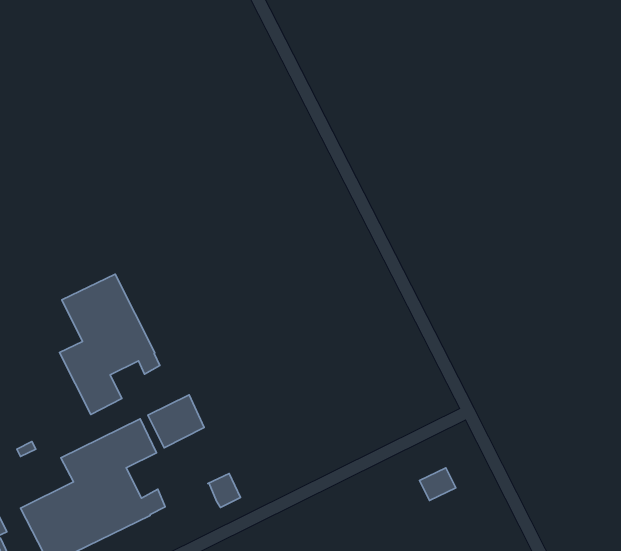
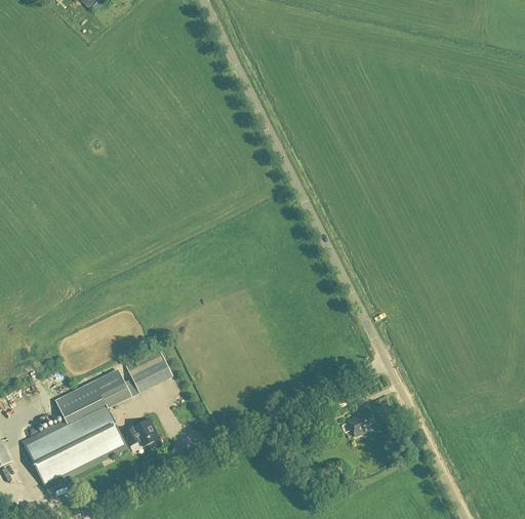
building: [60,274,160,414] -> none
building: [208,474,240,507] -> [132,417,159,445]

